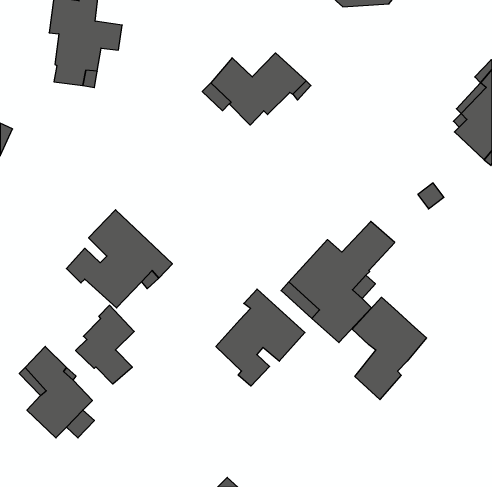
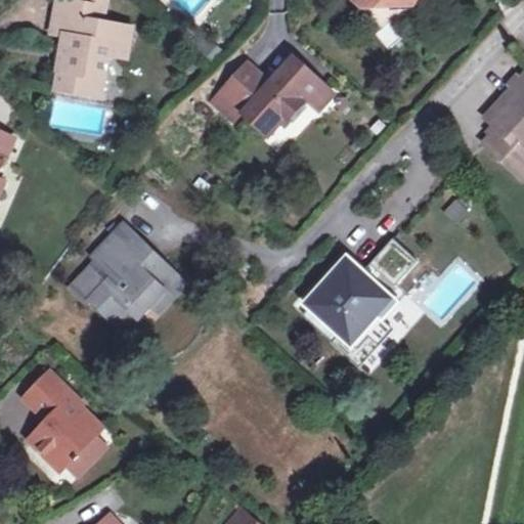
building: [216,289,305,386] -> none
building: [352,297,427,400] -> none
building: [76,305,134,384] -> none

